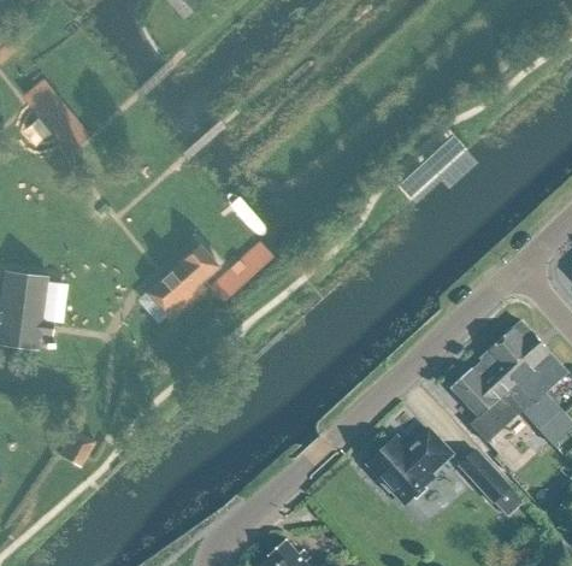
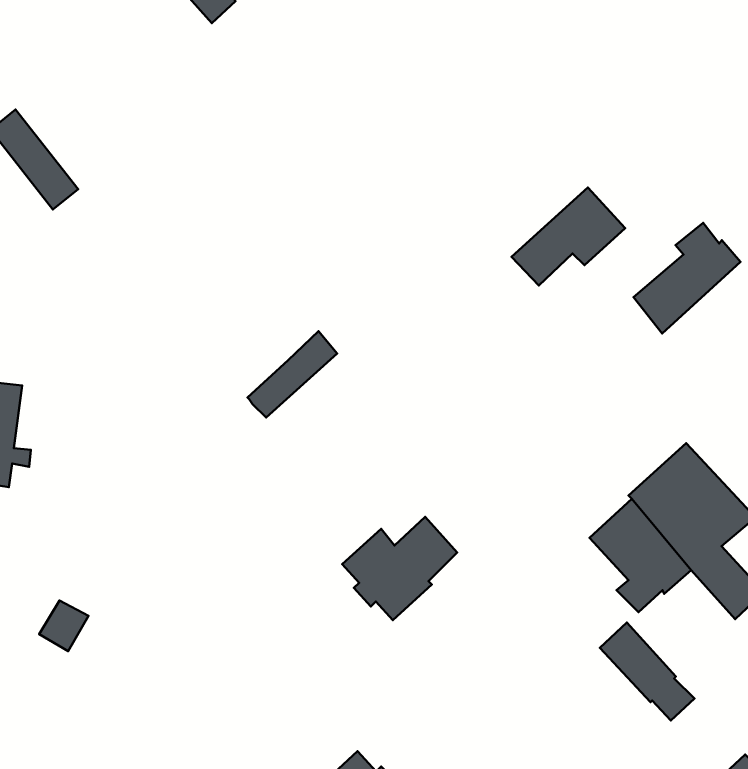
building: none -> [633,223,740,333]
building: [136,243,219,323] -> none
building: [370,429,452,502] -> [342,517,457,620]

